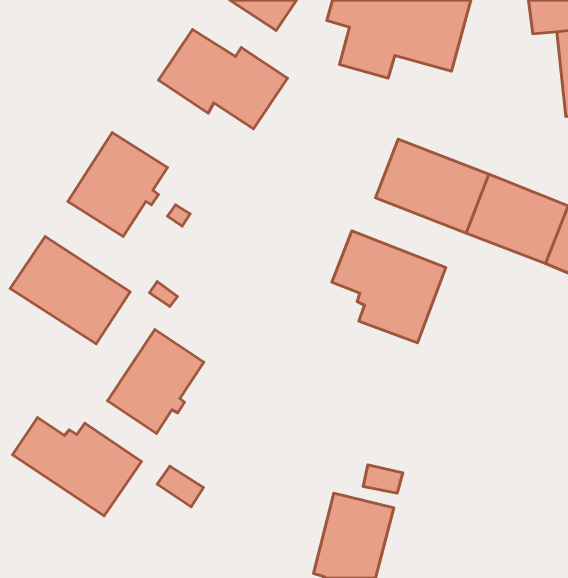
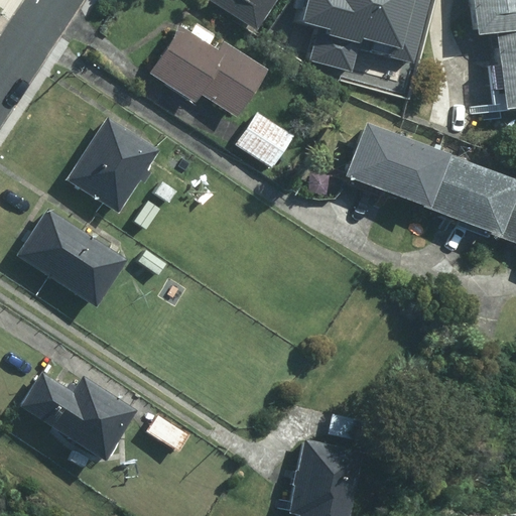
building: none -> [240,113,293,166]
building: [332,231,446,343] -> none
building: [108,330,204,434] -> none

